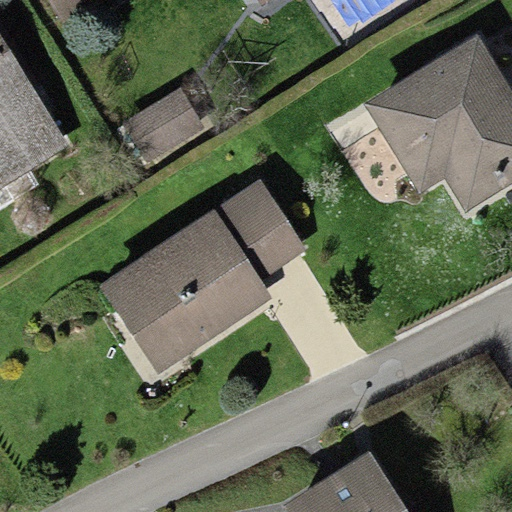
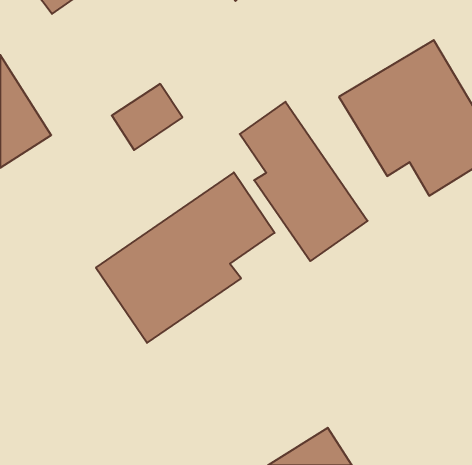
building: none -> [240,102,368,261]

